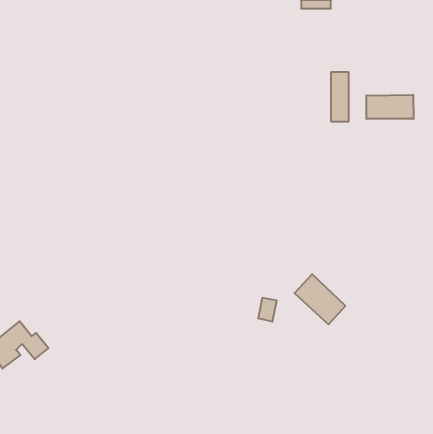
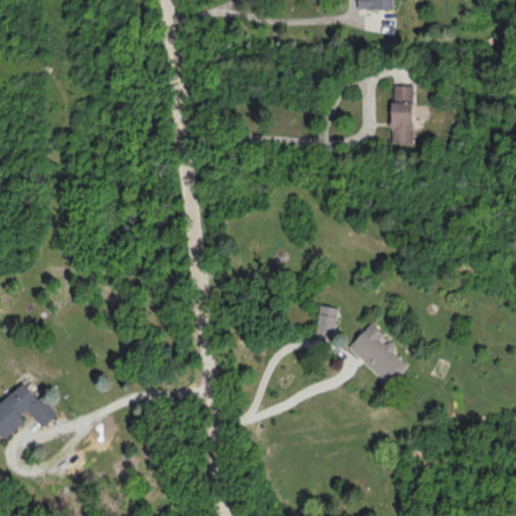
building: [366,95,414,119] -> none
building: [258,298,277,322] -> [315,306,338,335]

